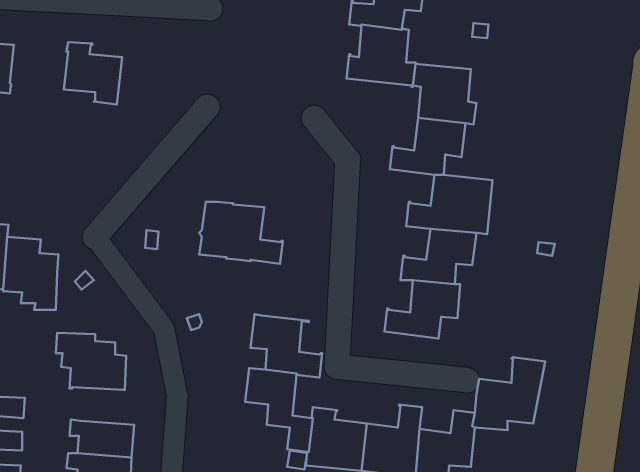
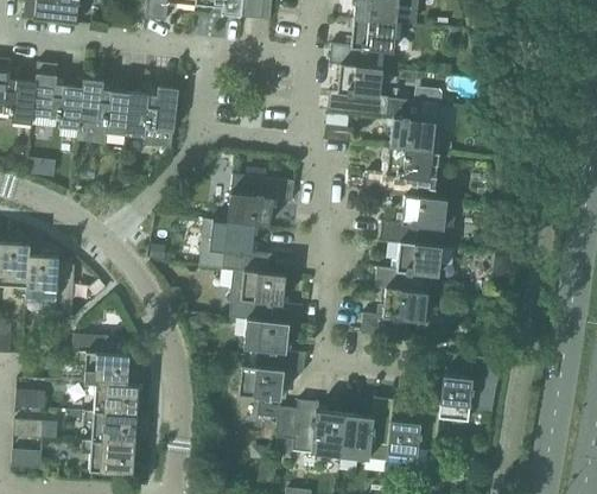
building: none -> [32,63,83,129]
building: none -> [126,87,178,137]
building: none -> [228,175,294,227]
building: none -> [229,271,303,325]
building: none -> [85,382,144,416]

